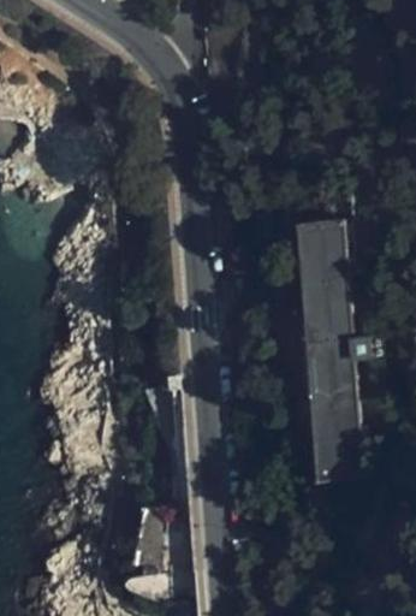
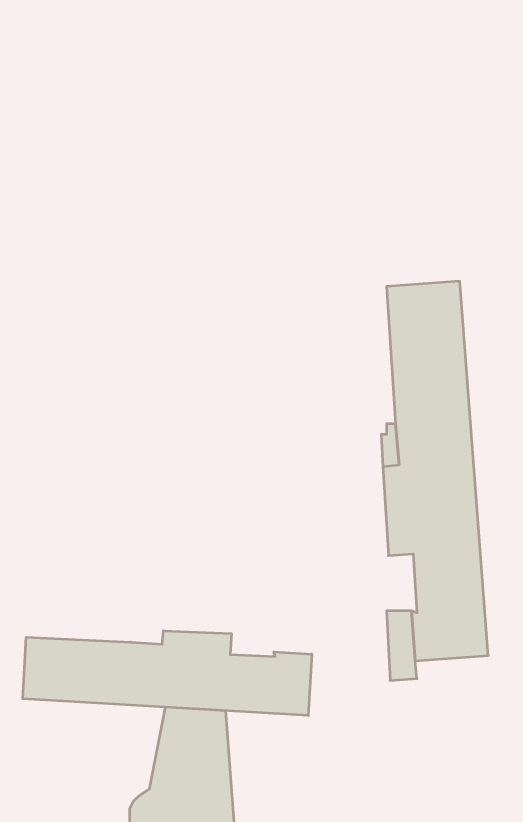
building: none -> [23,631,312,716]

